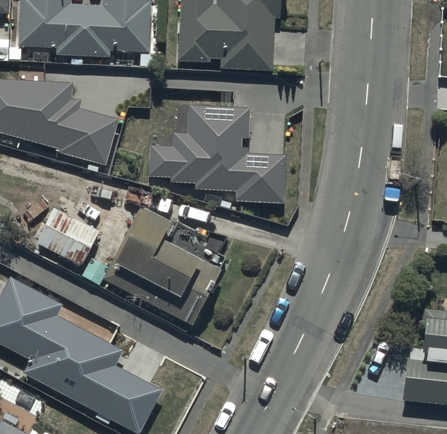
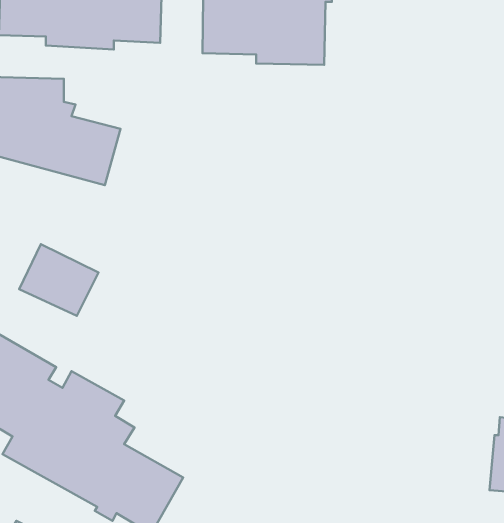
building: [148,107,283,203] -> none
building: [105,204,225,326] -> none

